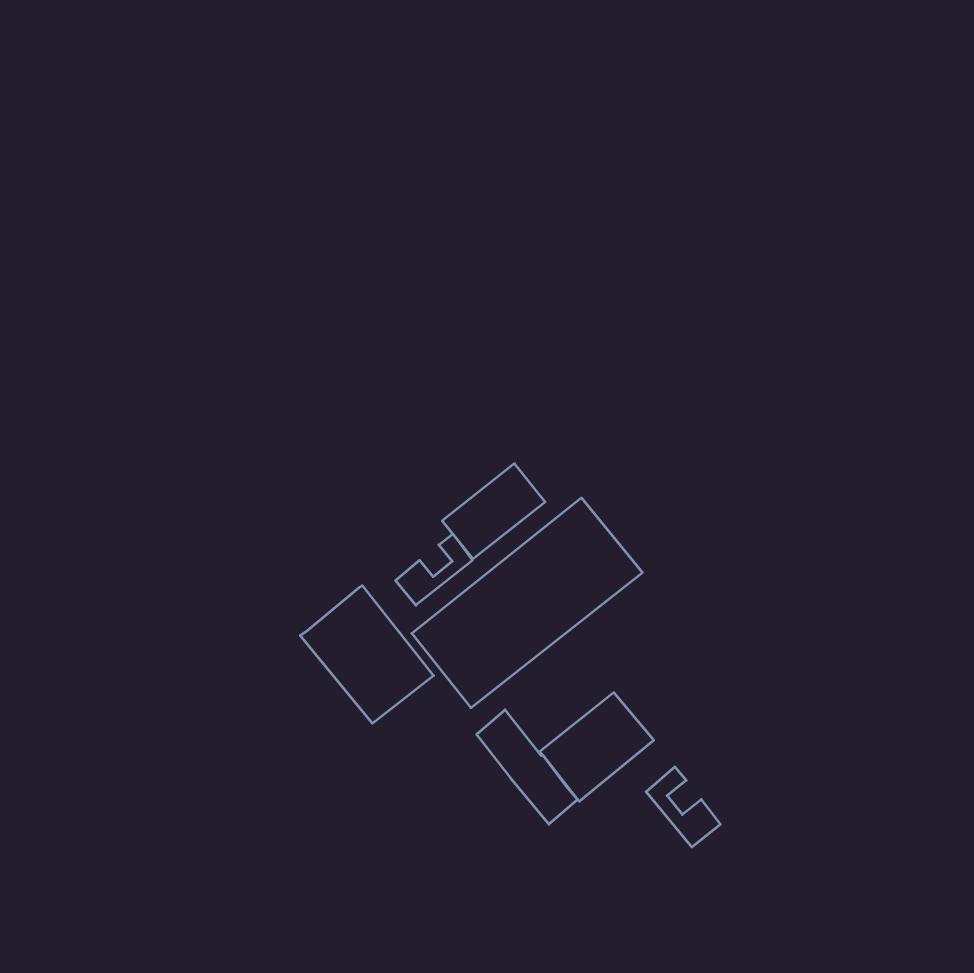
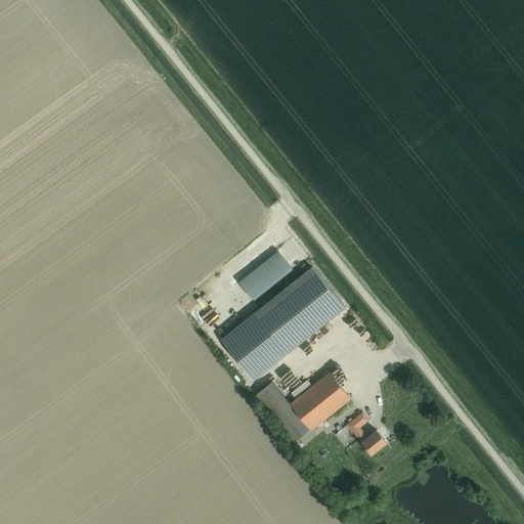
building: [396,534,472,605] -> none
building: [300,586,434,723] -> none

